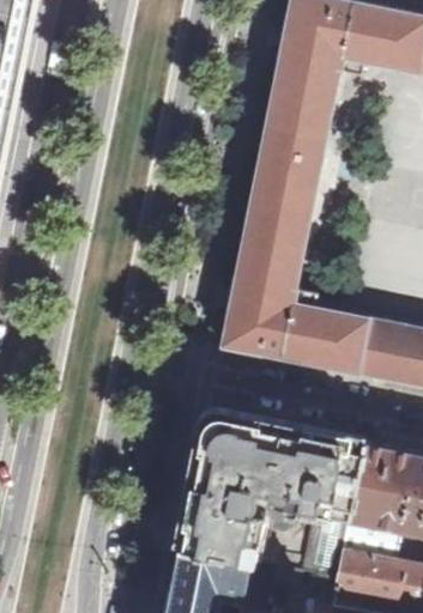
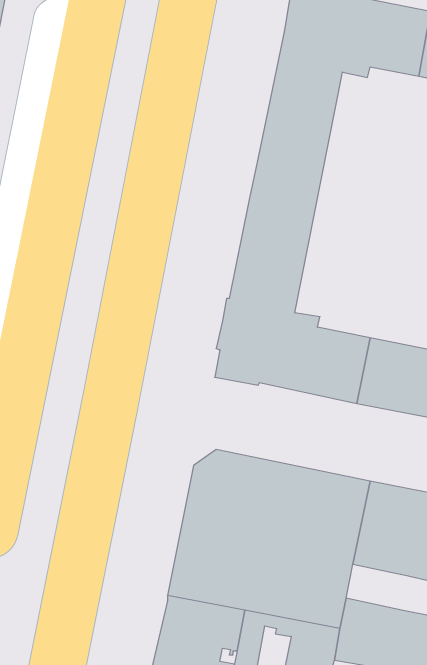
building: [339,520,395,562] -> none

